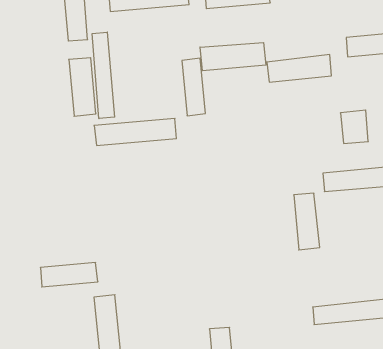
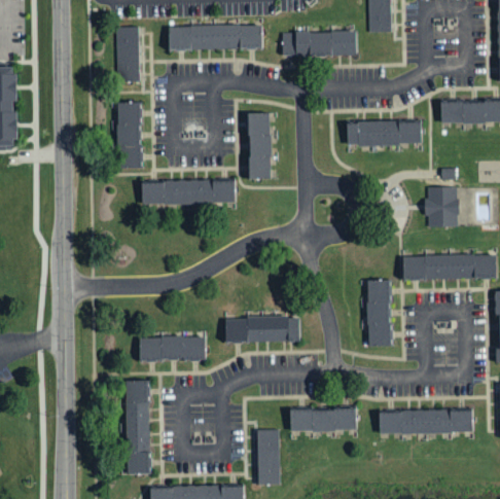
building: [92,32,115,119] -> none
building: [200,43,266,71] -> none
building: none -> [224,319,299,342]
building: [40,263,98,287] -> [140,336,206,360]
building: none -> [290,408,355,430]

